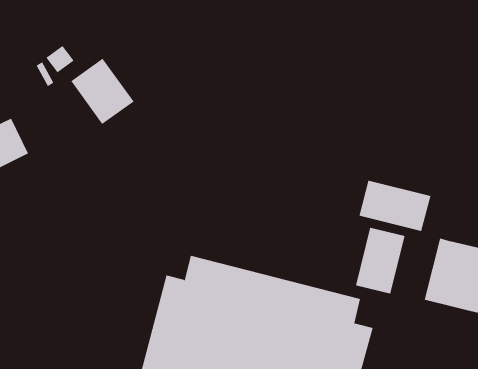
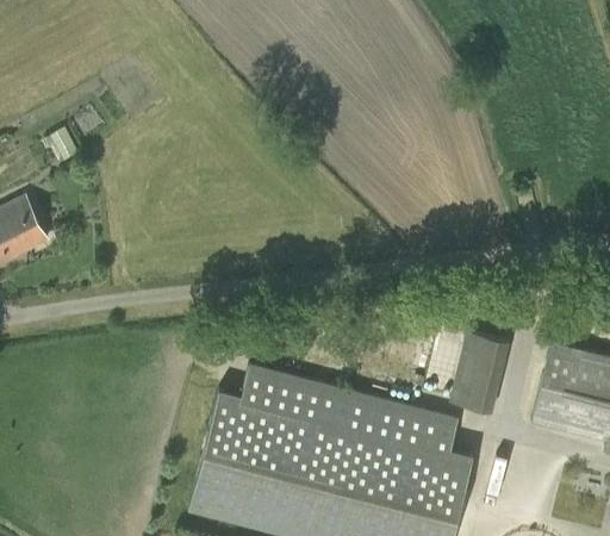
building: [70,58,134,125] -> none
building: [359,180,431,232] -> none

